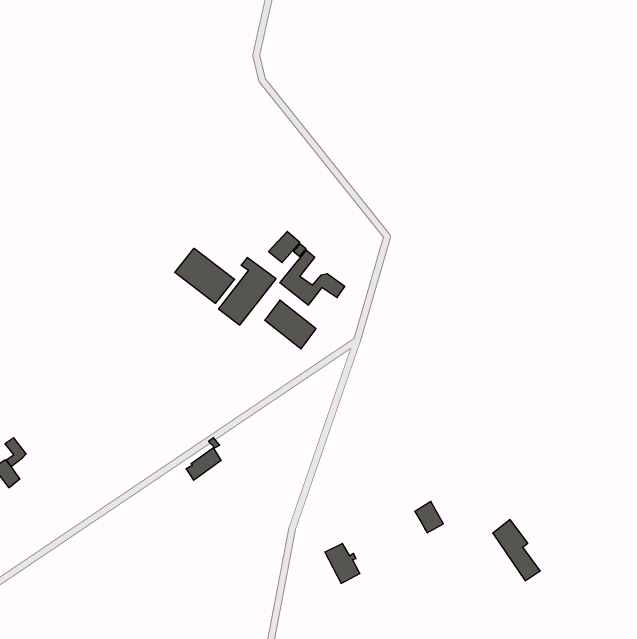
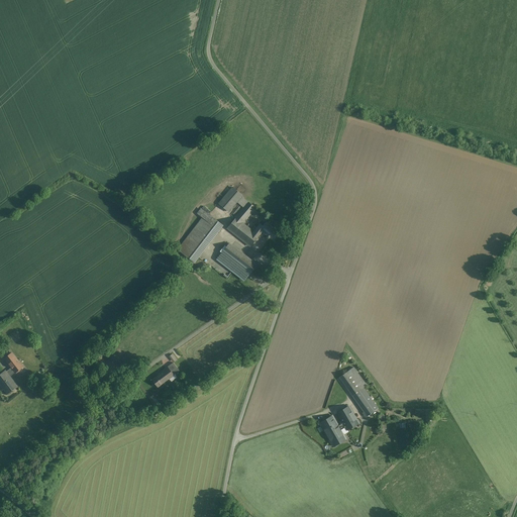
building: [175,248,235,303] -> none
building: [493,520,540,581] -> [338,367,377,416]
building: [325,543,360,583] -> [318,415,346,447]

